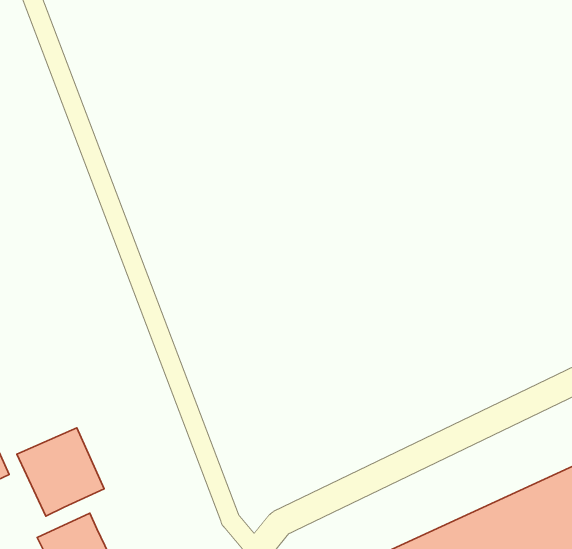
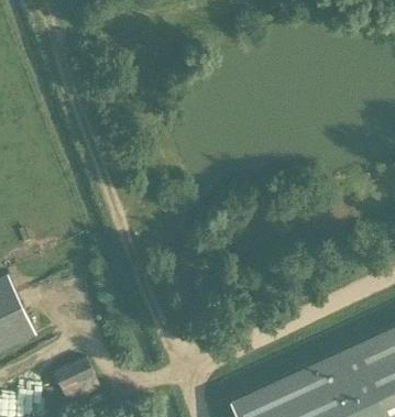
building: [17,428,104,516] -> none

